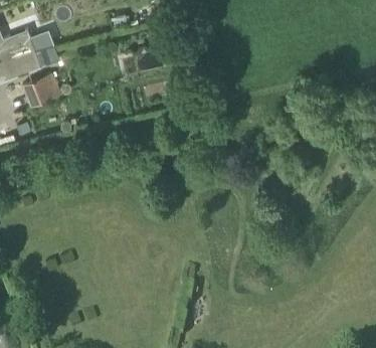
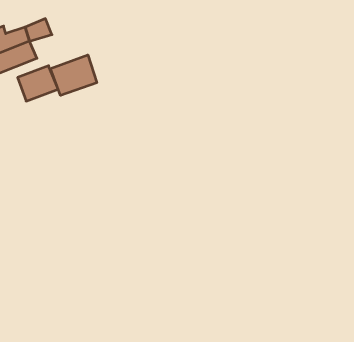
building: none -> [51,55,97,95]

